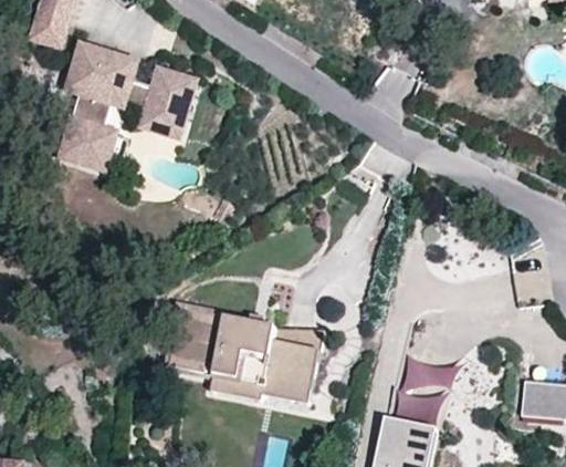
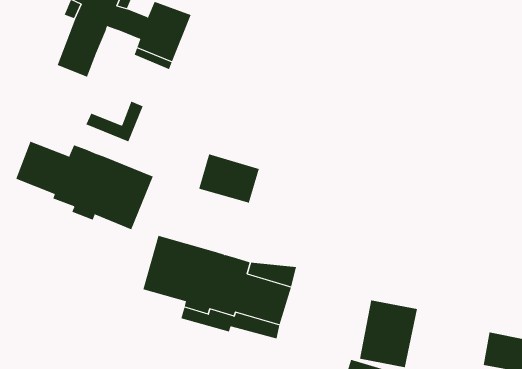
building: [59,127,116,169] -> [85,101,144,142]
building: none -> [198,153,259,204]
building: none -> [15,141,154,230]

